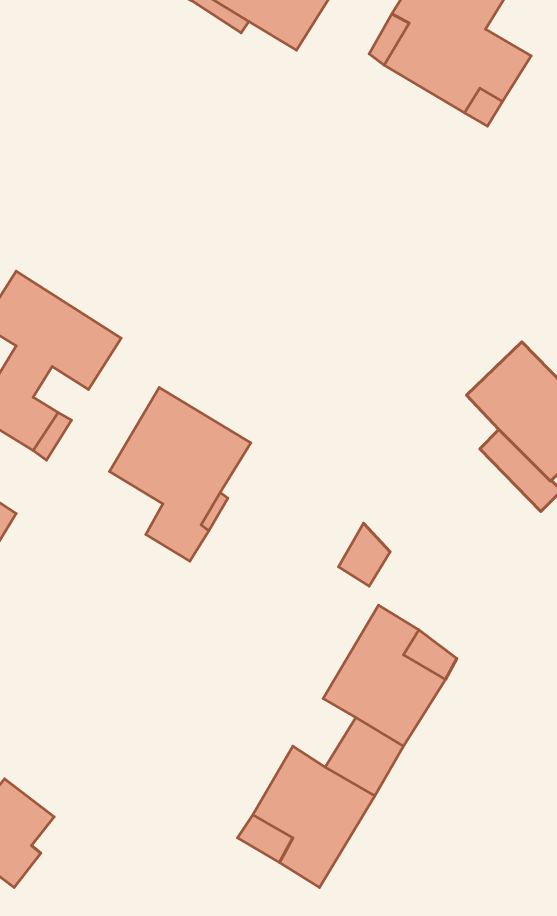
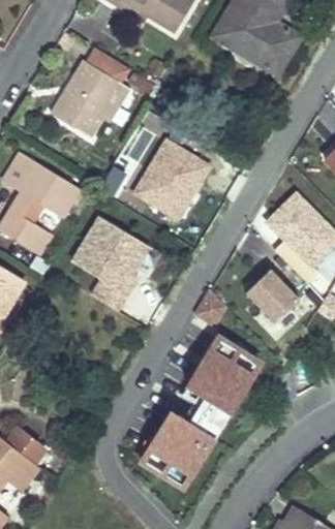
building: none -> [51,48,130,137]
building: none -> [133,138,209,218]
building: none -> [245,268,300,321]

